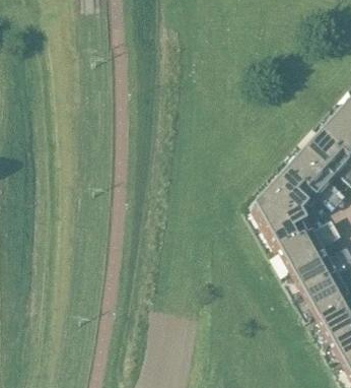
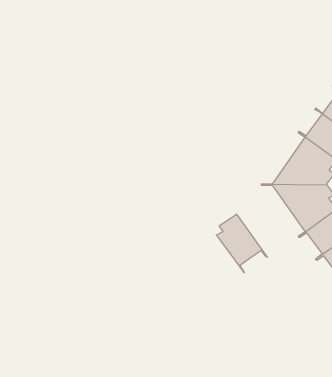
building: none -> [216,214,267,273]

